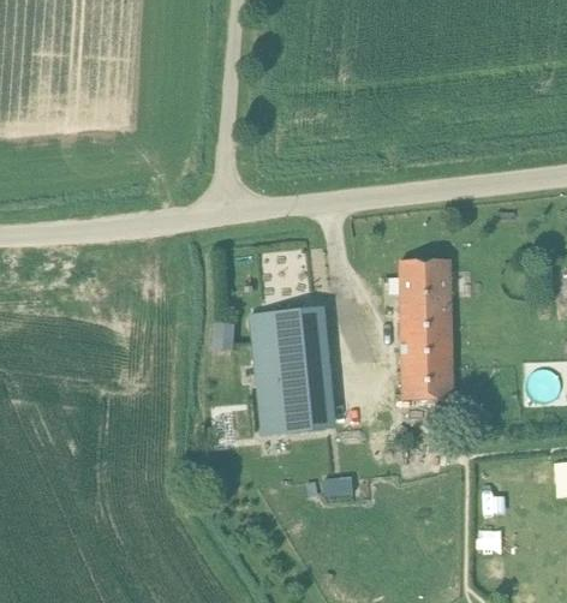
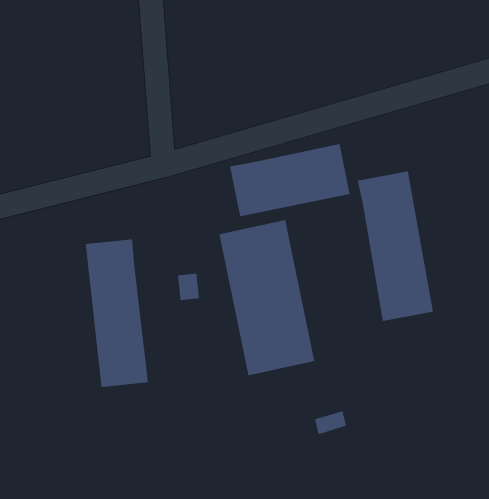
building: none -> [229,143,350,217]
building: none -> [85,238,149,388]

